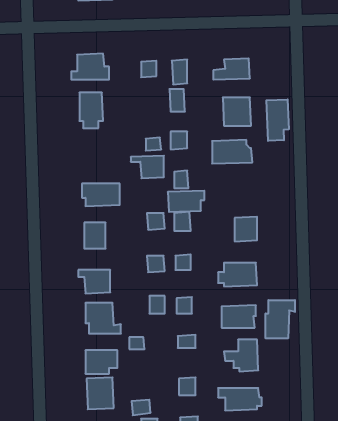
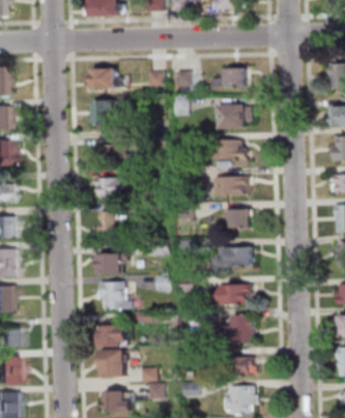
building: [266,99,289,141] -> none
building: [131,156,164,178] -> [96,145,125,165]
building: [168,191,204,212] -> [214,178,247,197]
building: [266,300,295,338] -> none

